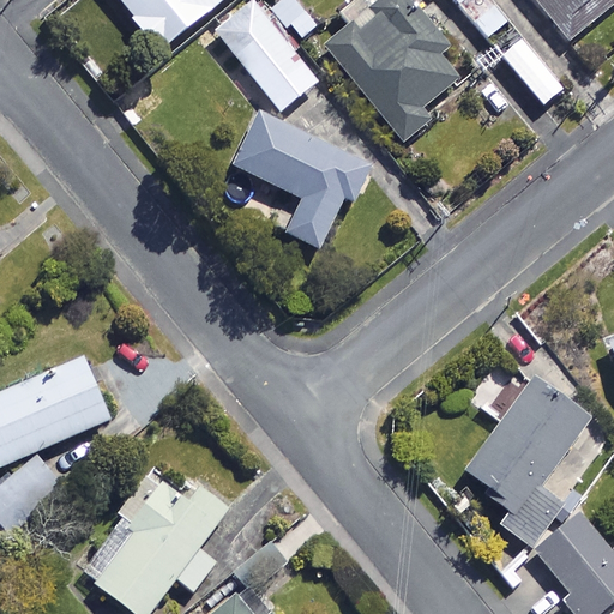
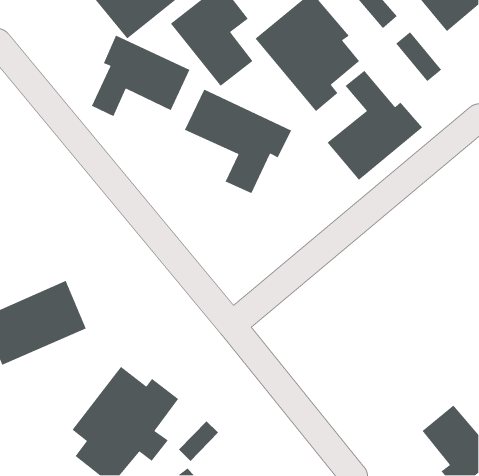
building: none -> [91,34,191,117]
building: none -> [327,70,423,181]
building: [469,379,589,544] -> none

